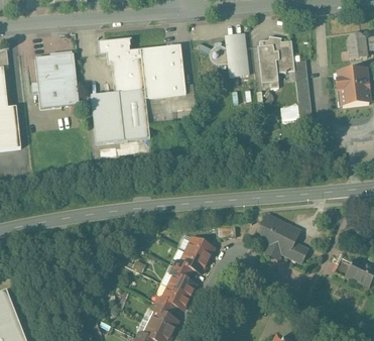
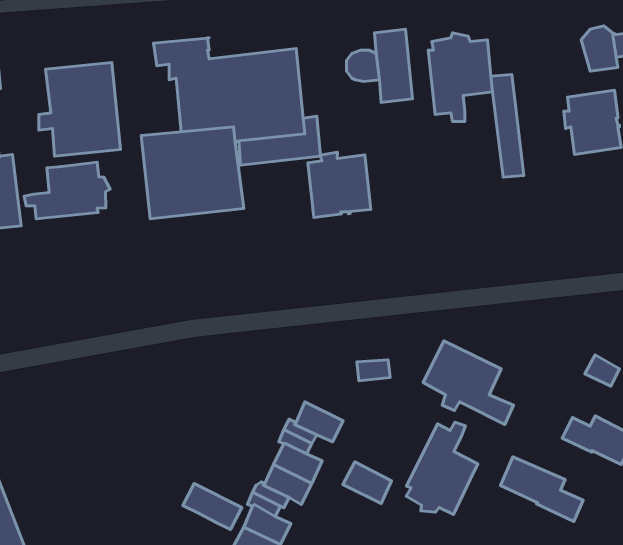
building: none -> [308,152,371,218]
building: none -> [24,162,110,219]
building: [185,236,214,260] -> [343,462,391,503]
building: none -> [406,422,478,514]
building: none -> [501,457,583,522]
building: none -> [183,484,242,530]

